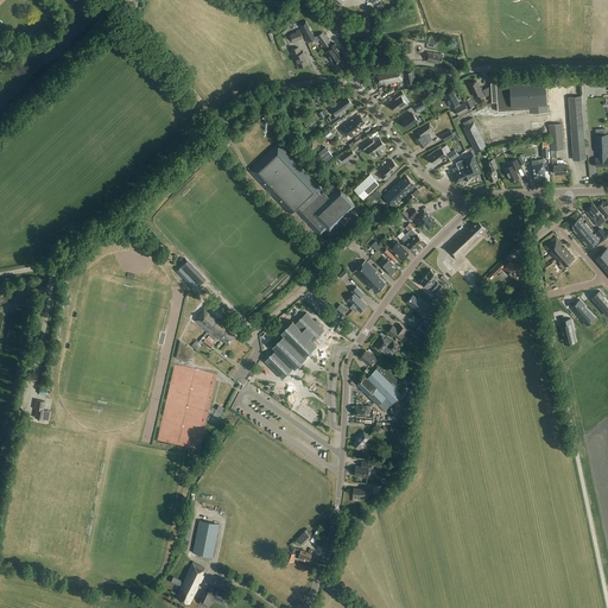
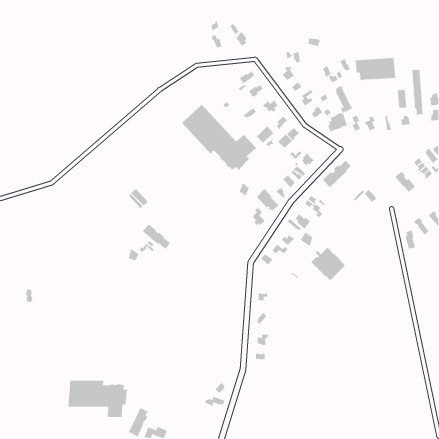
building: [265,312,324,379] -> none
building: [357,363,406,411] -> [311,247,346,281]
building: [192,520,220,557] -> none
building: none -> [68,380,128,418]

